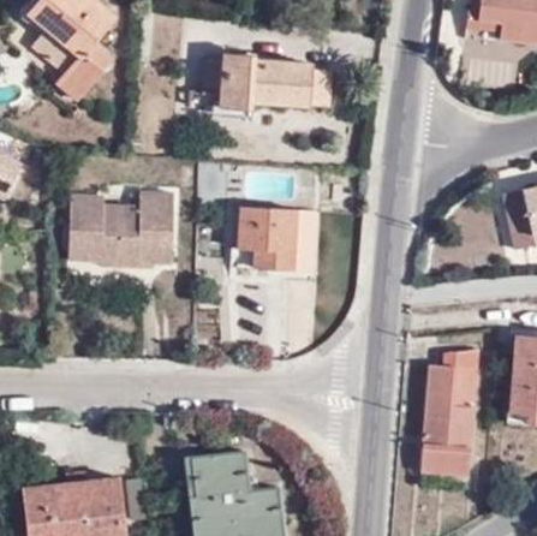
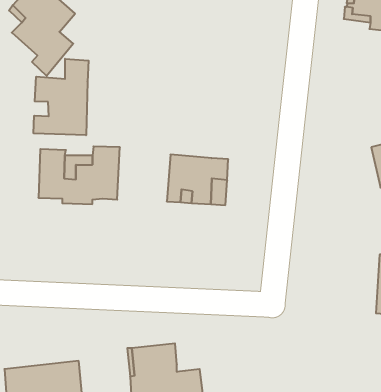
building: [202,53,332,111] -> none
building: none -> [34,59,89,135]
building: [422,349,479,474] -> none

